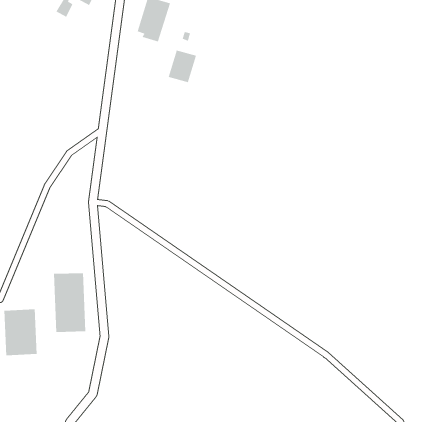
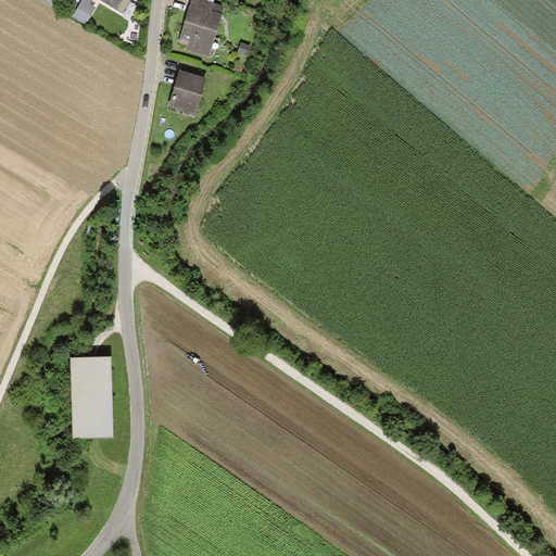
building: [168,50,197,83] -> [168,70,206,113]
building: [4,309,37,356] -> none

